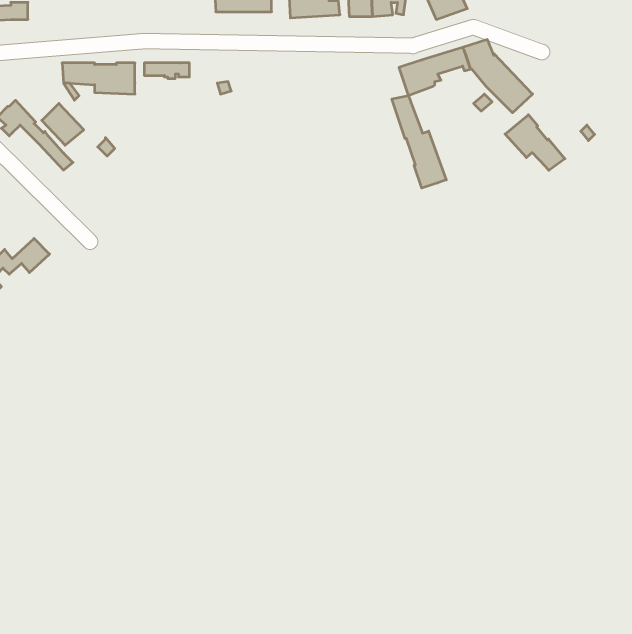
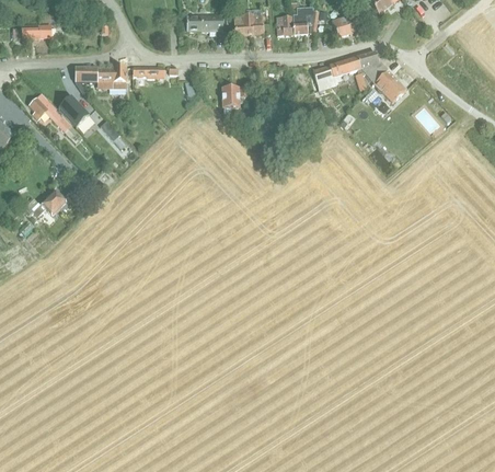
building: none -> [221,85,249,107]
building: [392,96,446,188] -> none
building: [505,115,565,170] -> none

